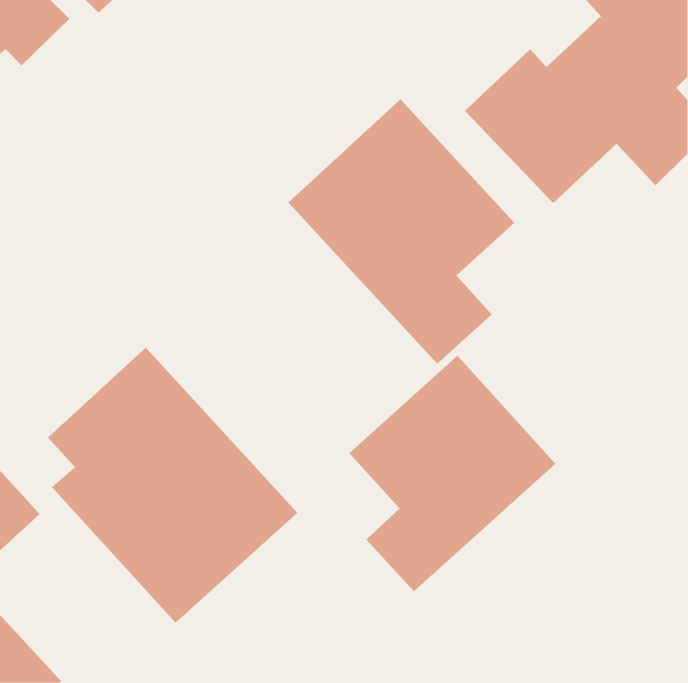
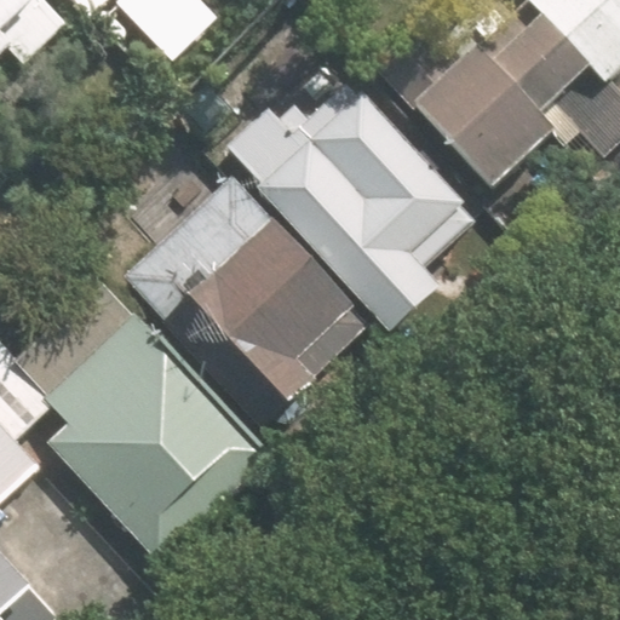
building: none -> [127,179,364,419]
building: [348,355,556,592] -> none

